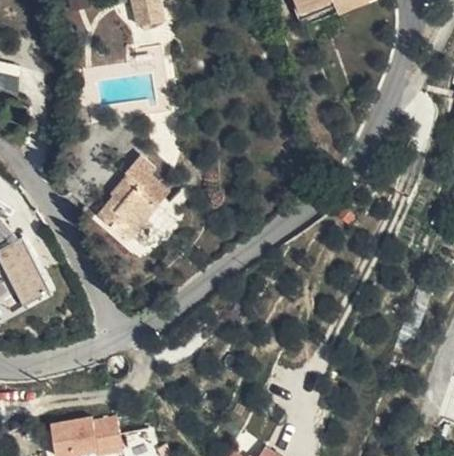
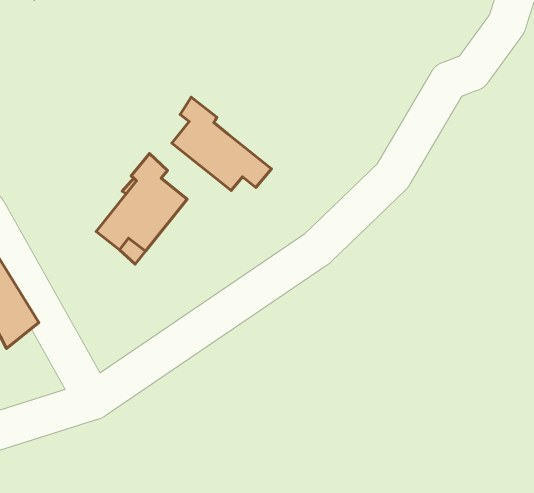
building: none -> [172,97,271,190]

